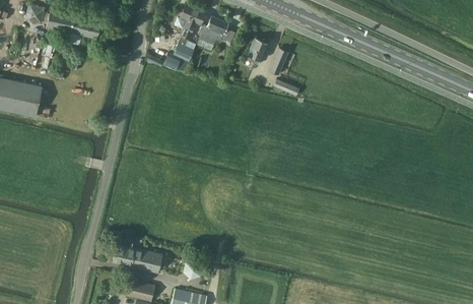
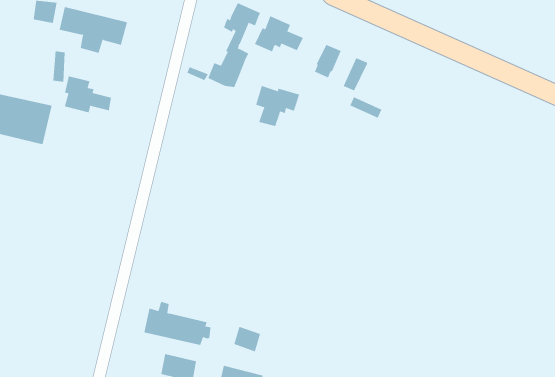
building: none -> [64,75,112,113]
building: none -> [256,85,300,127]

